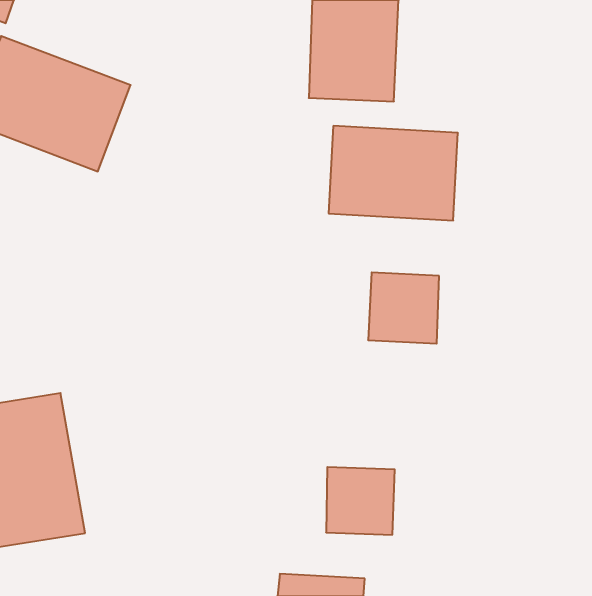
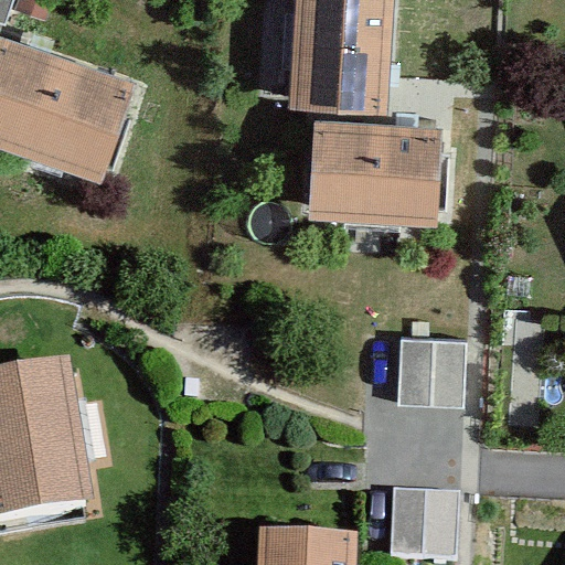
building: [368,272,439,344] -> [401,337,468,404]
building: [326,467,395,535] -> [394,492,459,556]

